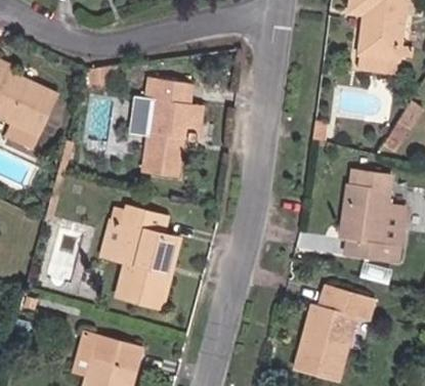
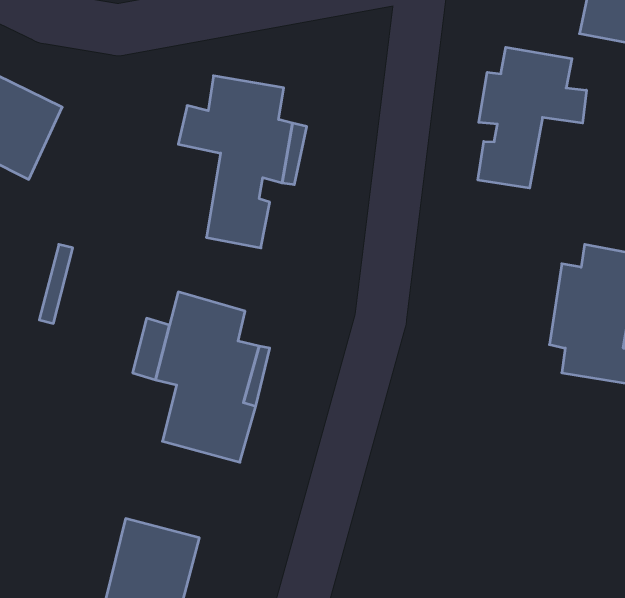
building: none -> [478,47,586,188]
building: [295,283,370,376] -> none

